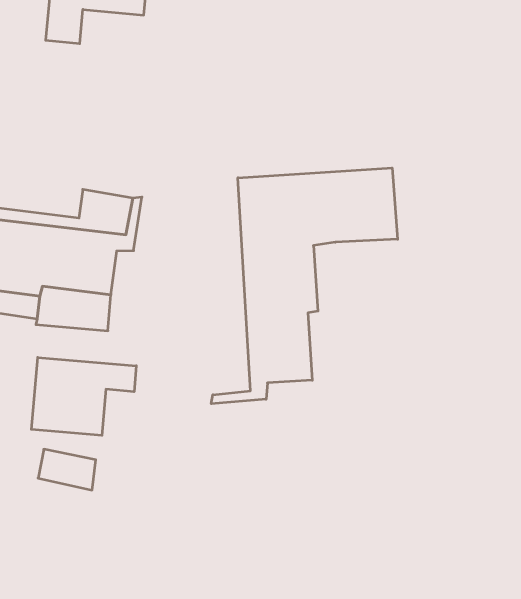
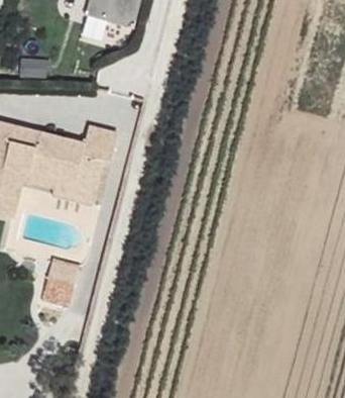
building: [211,168,398,404] -> none
building: [31,357,136,435] -> none

